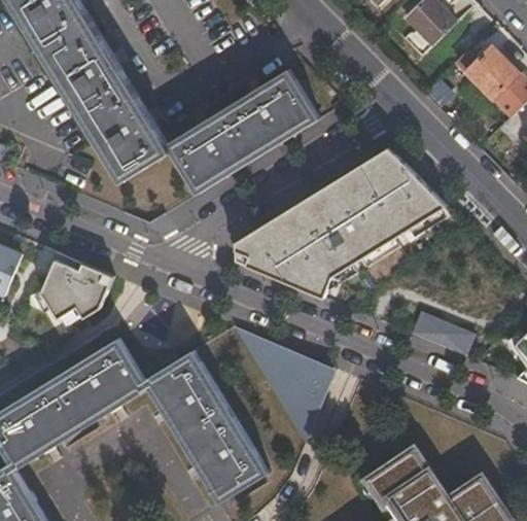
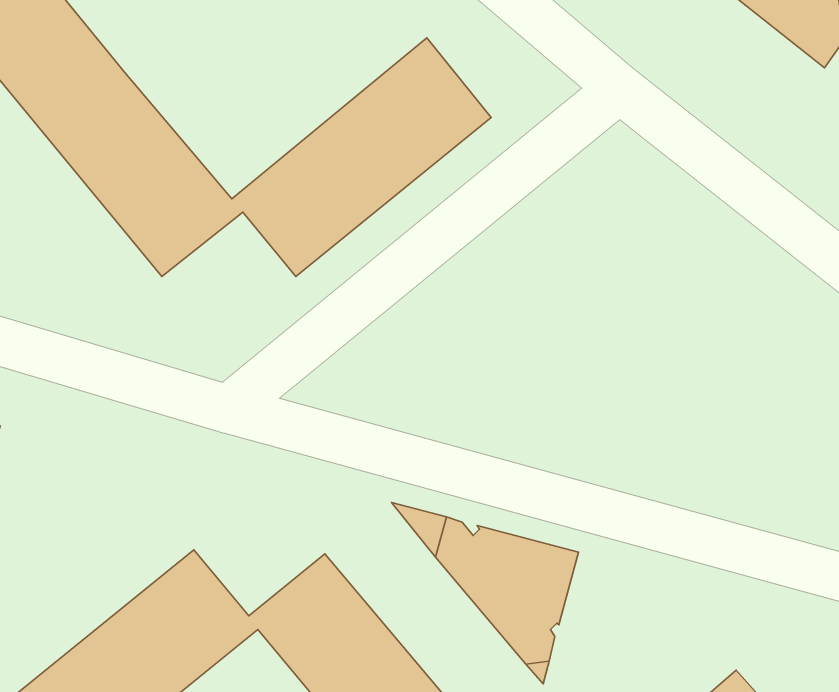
building: [235,147,446,296] -> none
building: [40,258,112,317] -> none
building: [411,311,473,354] -> none

